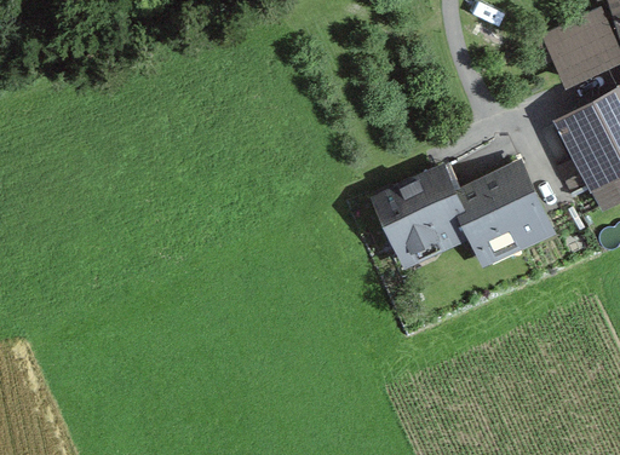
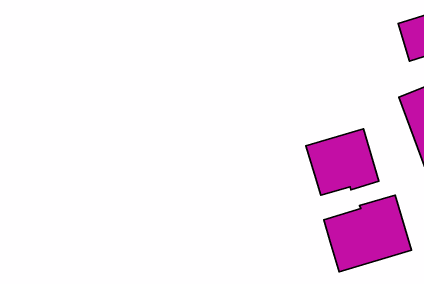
building: [378,168,470,254] -> none
building: none -> [324,195,411,272]

